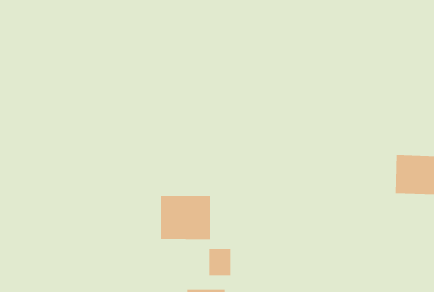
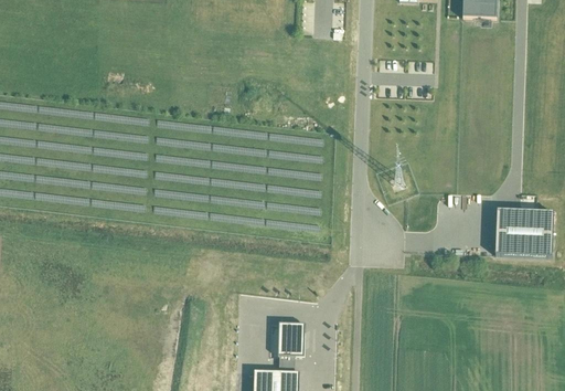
building: [160,195,211,240] -> none

